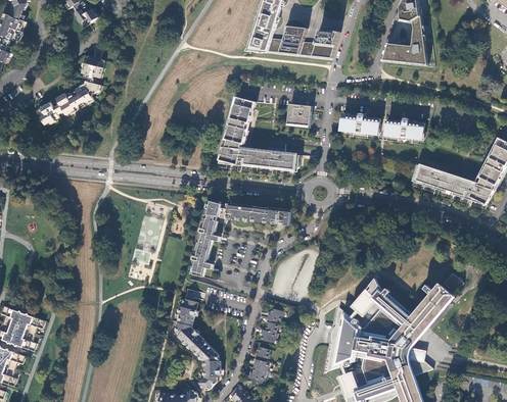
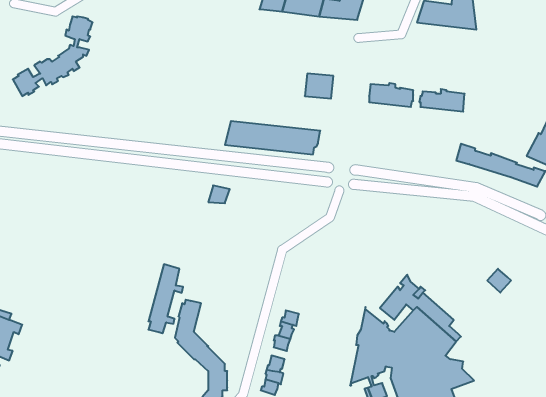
building: [223,95,252,142] -> none
building: [225,205,290,224] -> none
building: [190,216,220,275] -> [148,264,183,333]
building: [410,284,451,328] -> none

